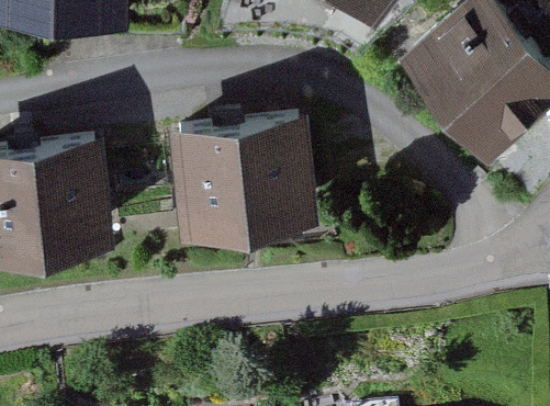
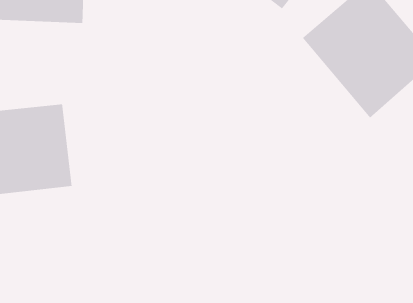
building: [164,110,313,228] -> none

